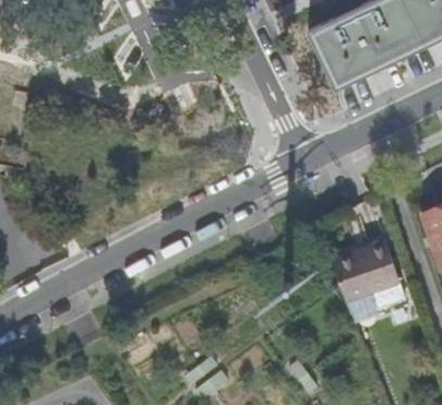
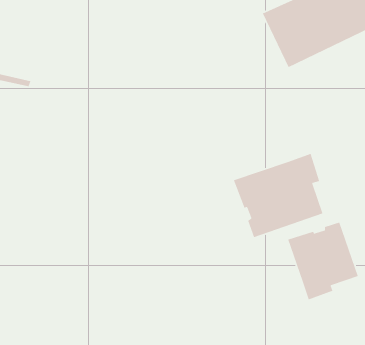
building: none -> [233,153,324,238]

